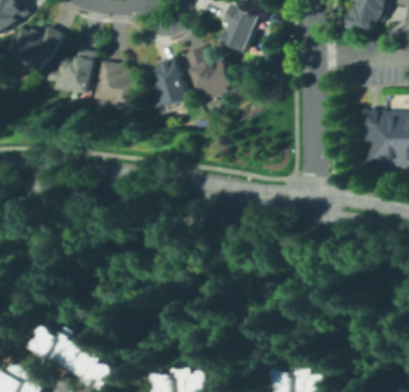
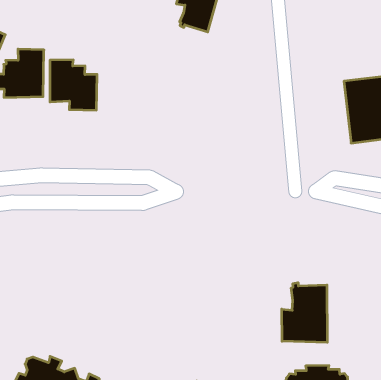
building: [184,46,233,99] -> none
building: [147,56,191,109] -> none
building: none -> [282,283,327,342]

